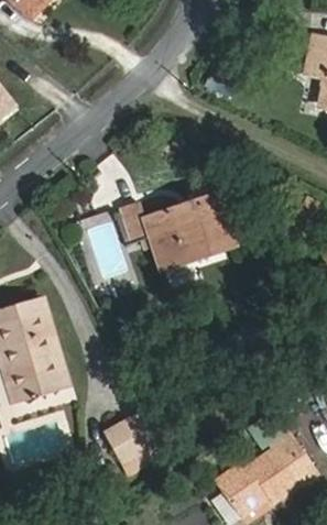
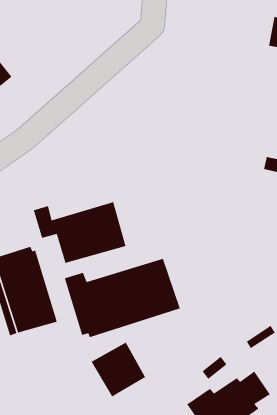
building: [123,195,230,266] -> [33,201,126,264]
building: none -> [64,258,181,338]

